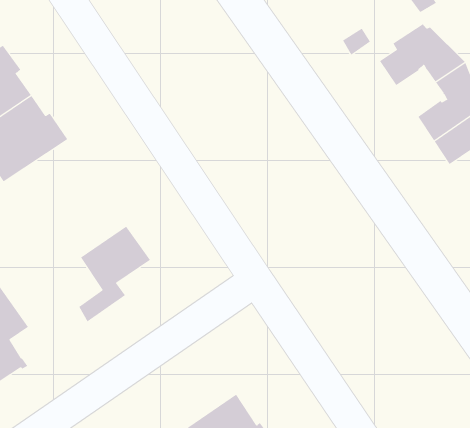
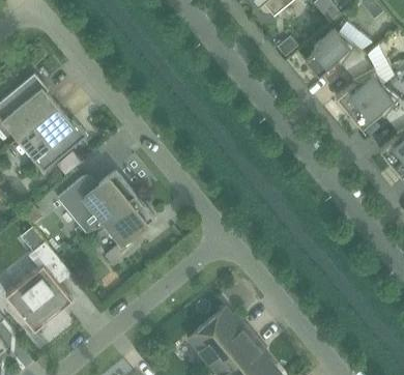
building: none -> [56,171,134,234]

